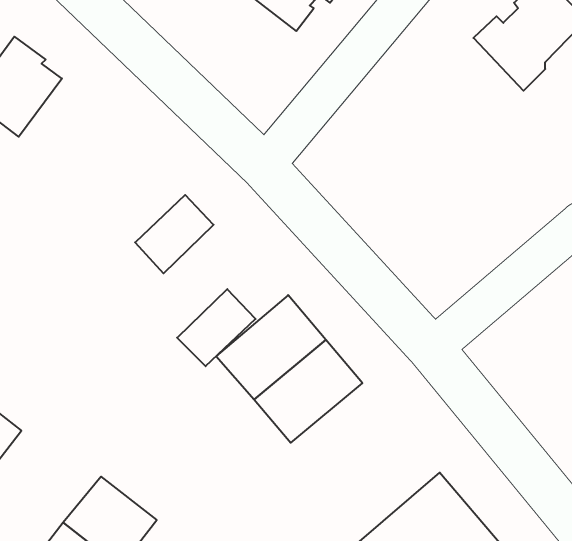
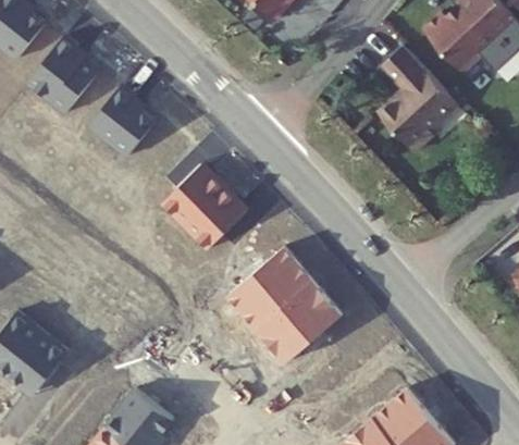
building: none -> [387,51,468,158]
building: none -> [85,84,153,158]
building: [177,289,256,366] -> [181,187,244,249]

